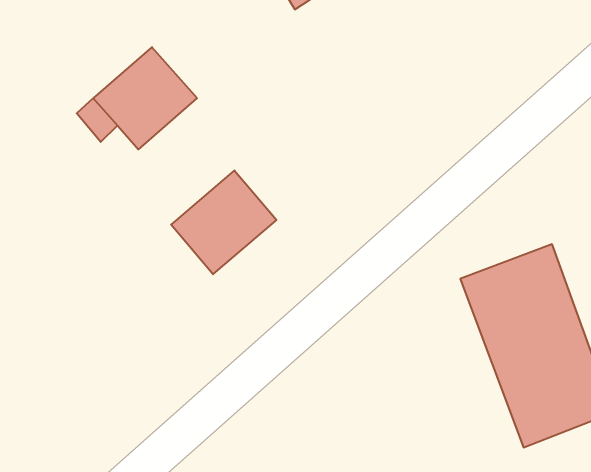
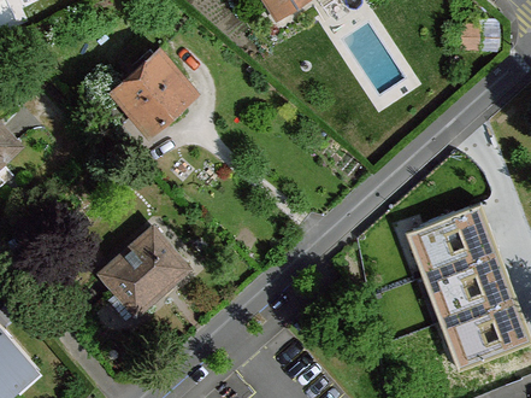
building: [171,170,276,274] -> [101,228,185,311]

